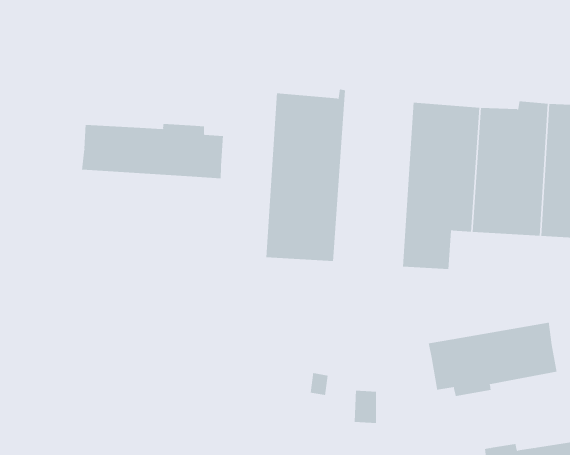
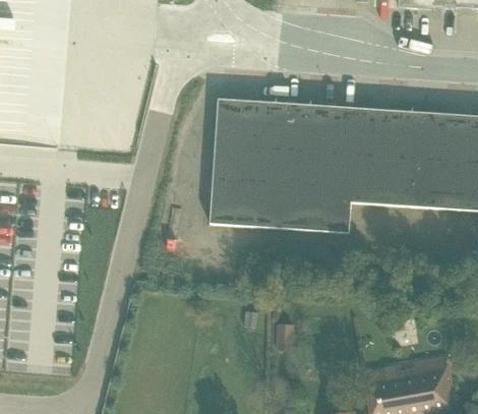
building: none -> [261,96,321,230]
building: [82,123,223,179] -> none
building: [428,322,557,397] -> none

